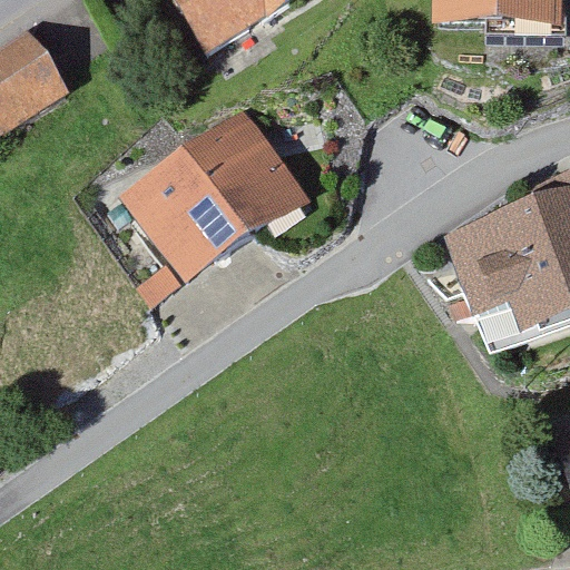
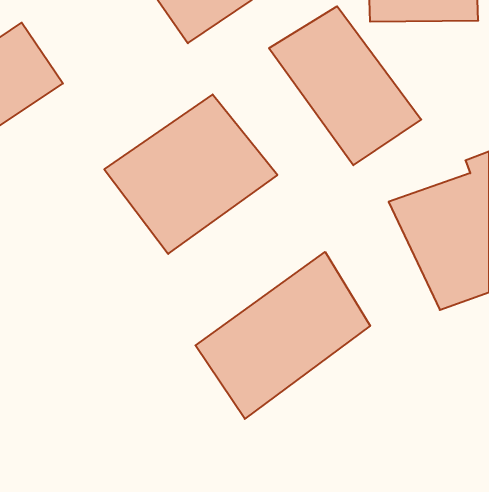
building: none -> [269,6,421,165]
building: none -> [195,252,370,419]

